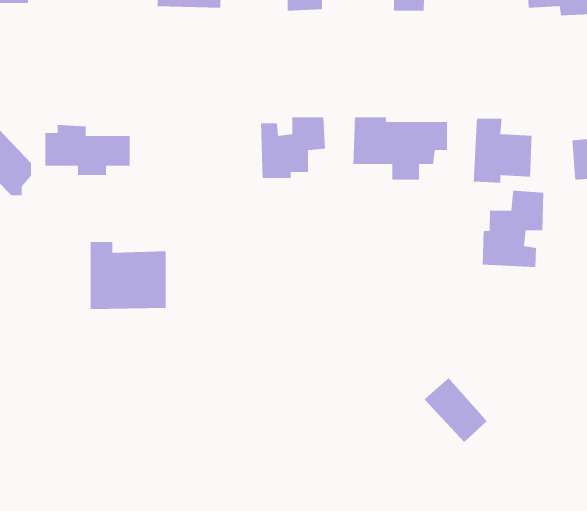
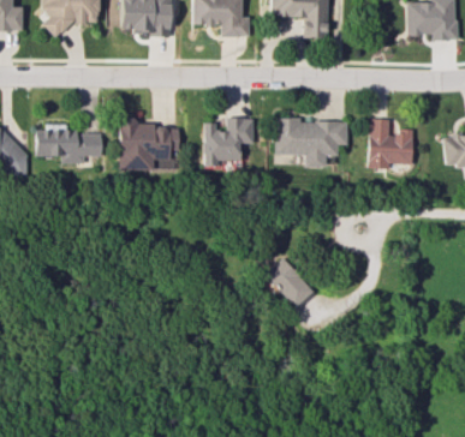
building: [482,190,544,268] -> none
building: [90,241,167,310] -> [119,118,178,170]
building: [423,377,488,443] -> [262,257,311,307]

